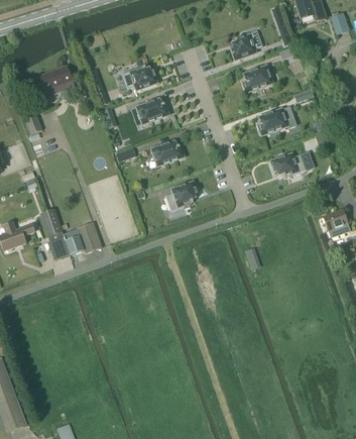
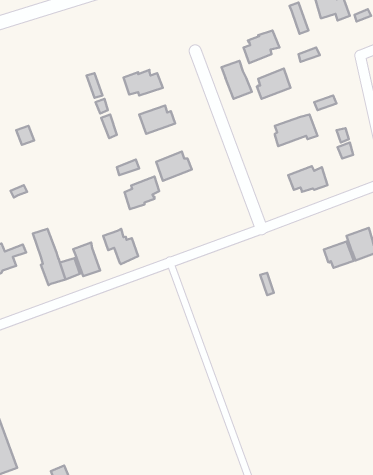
building: none -> [222,61,252,99]
building: [39,65,72,90] -> none
building: [165,181,197,210] -> [124,177,159,209]
building: none -> [103,229,138,264]
building: none -> [324,242,354,268]

